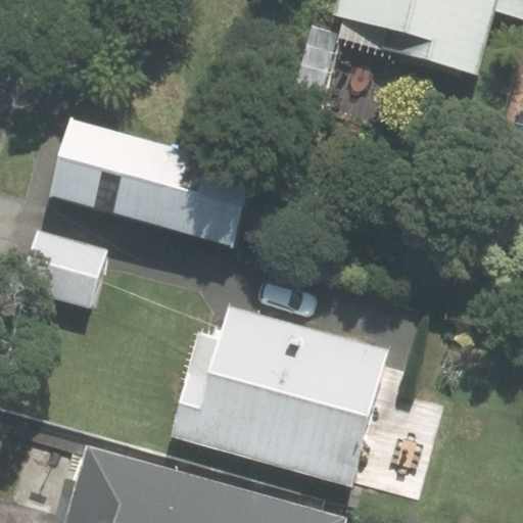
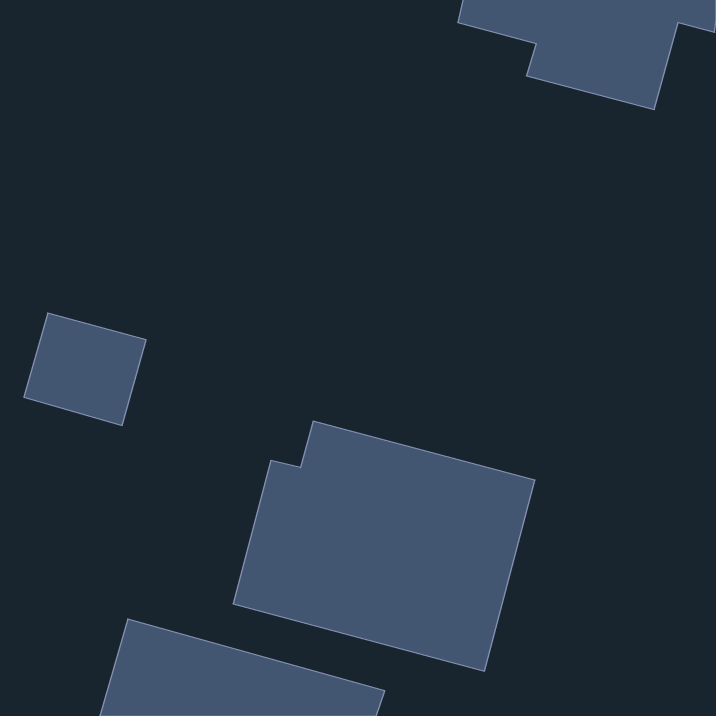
building: [47,116,251,245] -> none

